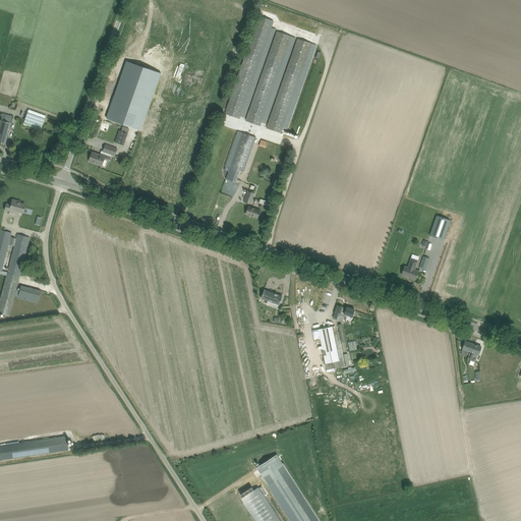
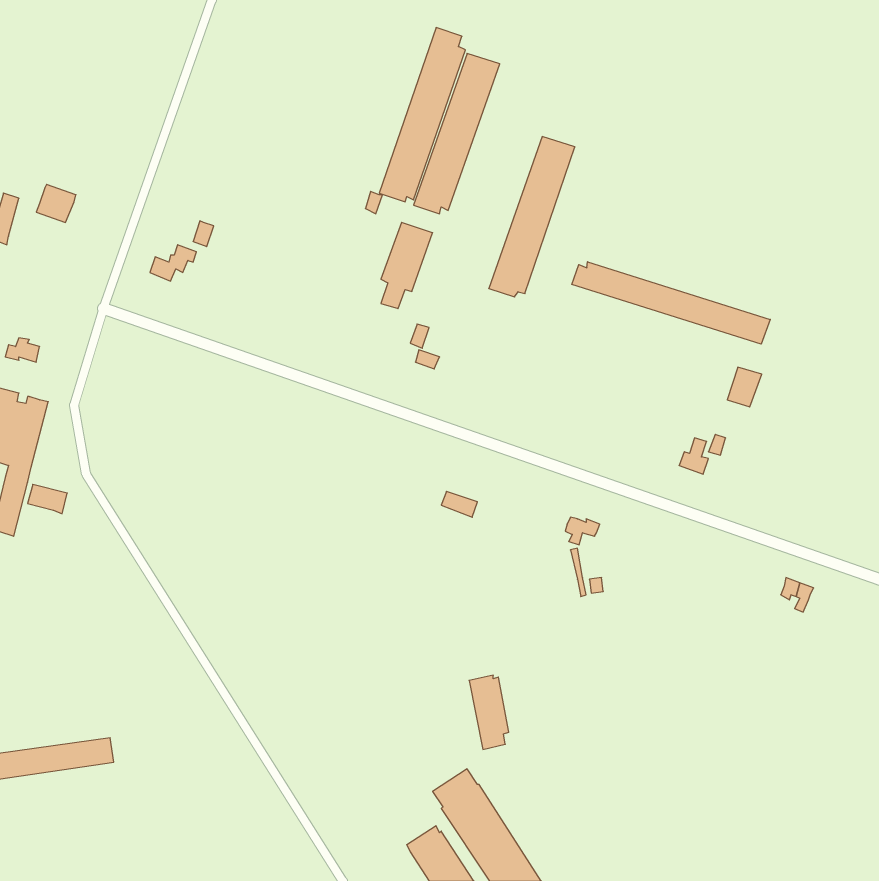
building: [265,39,315,133] -> [489,137,575,297]
building: [105,61,160,130] -> none
building: none -> [572,262,770,344]
building: [317,327,341,370] -> [469,675,509,749]

